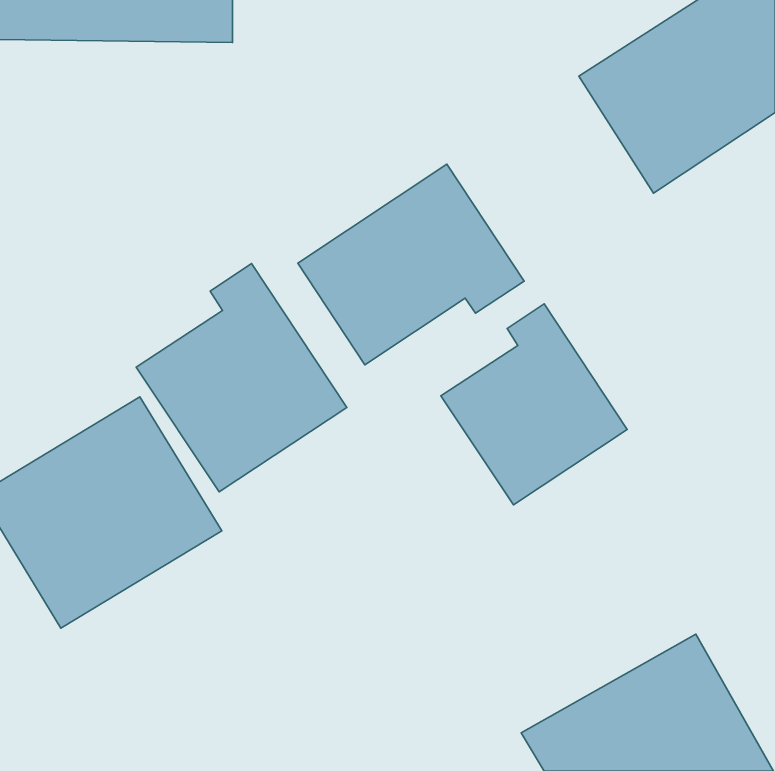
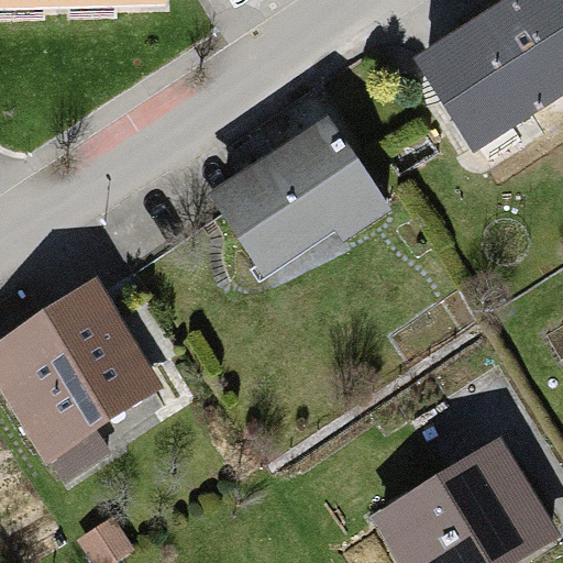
building: [136,264,347,492] -> none
building: [441,304,627,505] -> none

